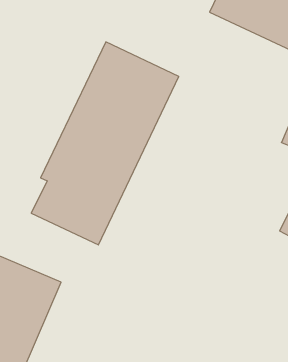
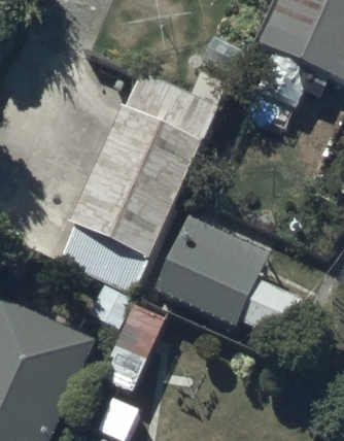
building: none -> [154,218,300,339]

